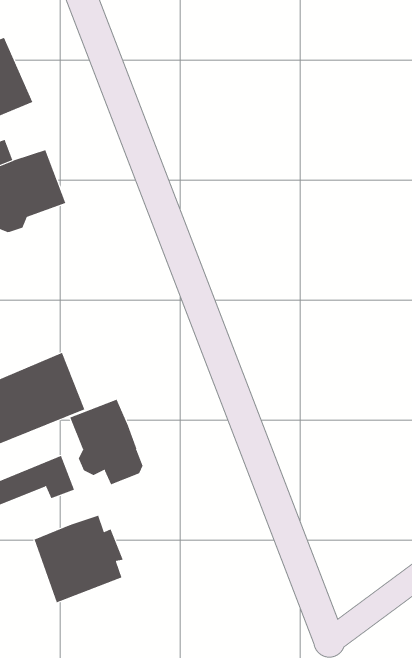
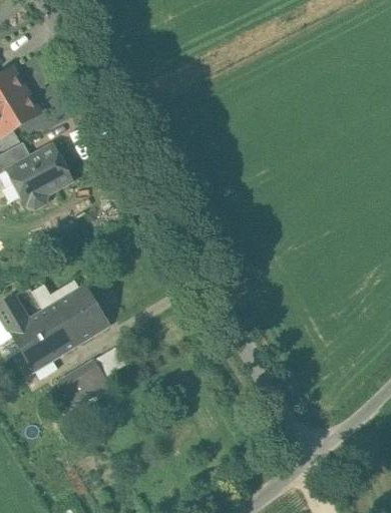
building: [69,399,143,485] -> none
building: [34,515,123,603] -> none

